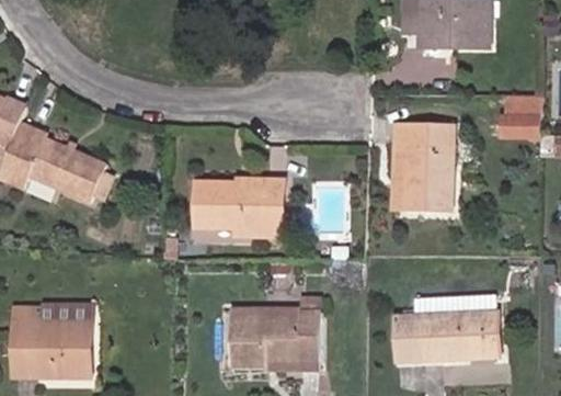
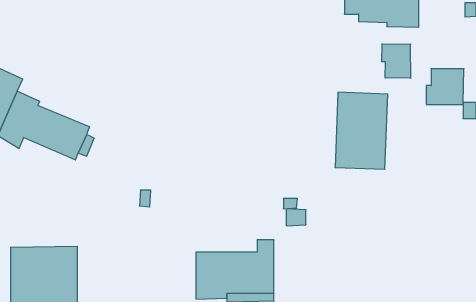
building: none -> [382,44,411,78]
building: [193,177,284,236] -> none
building: [394,312,500,361] -> none

